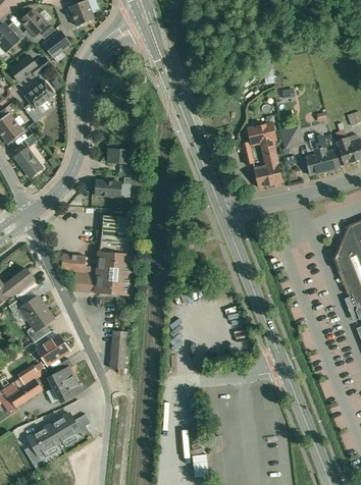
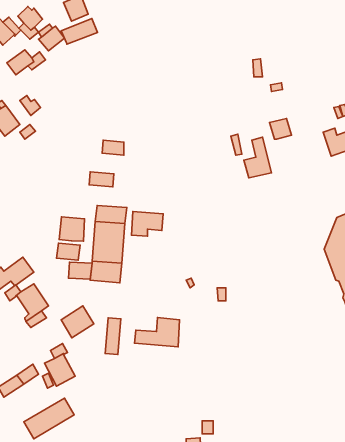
building: none -> [61,18,98,44]
building: [24,79,55,108] -> none
building: [248,122,275,148] -> none
building: [306,136,340,173] -> none
building: [14,147,42,176] -> none
building: none -> [132,211,163,236]
building: none -> [59,217,85,241]
building: none -> [134,317,180,347]
building: [35,331,68,364] -> [61,306,94,338]

